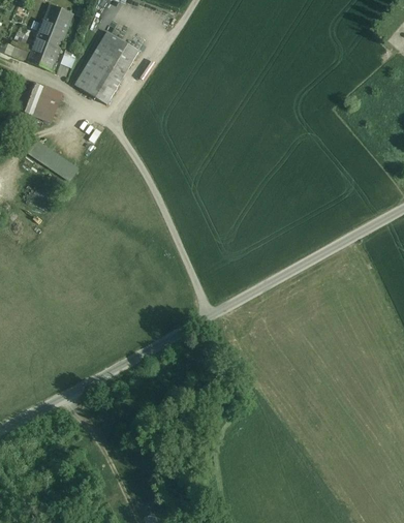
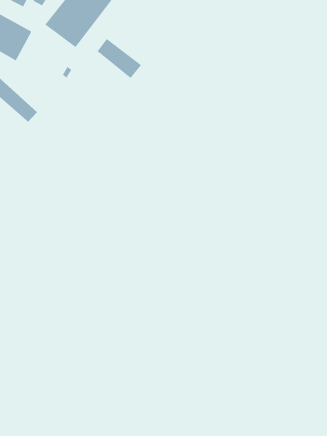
building: none -> [97,38,142,79]

